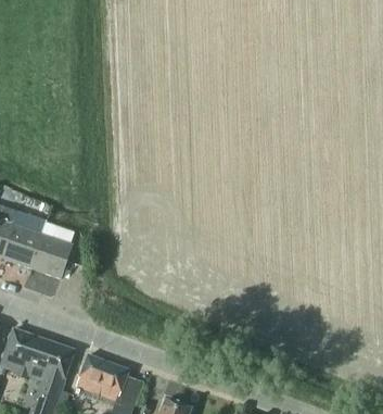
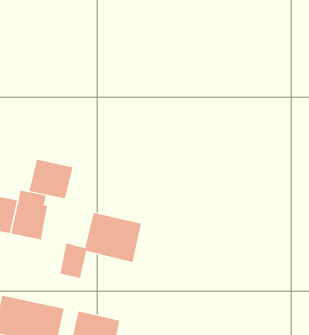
building: none -> [29,159,73,199]
building: none -> [60,212,141,279]

